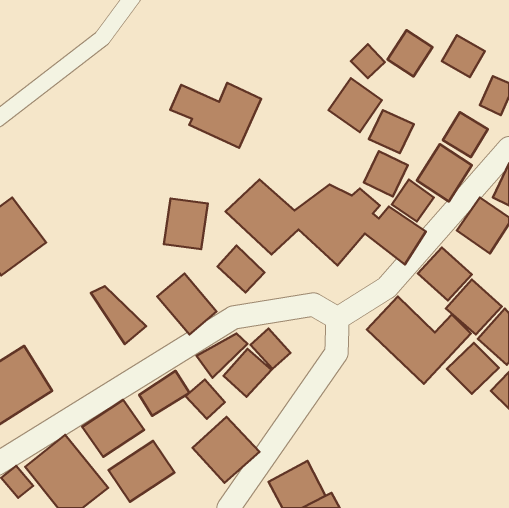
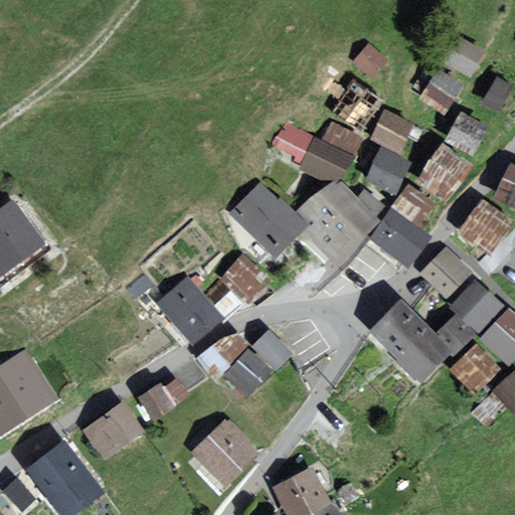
building: [387,30,432,76] -> [418,70,464,117]
building: [170,83,261,148] -> [273,122,364,187]
building: [164,198,208,249] -> none
building: [91,286,146,344] -> none
building: [186,379,225,419] -> none
building: [108,441,175,502] -> none

